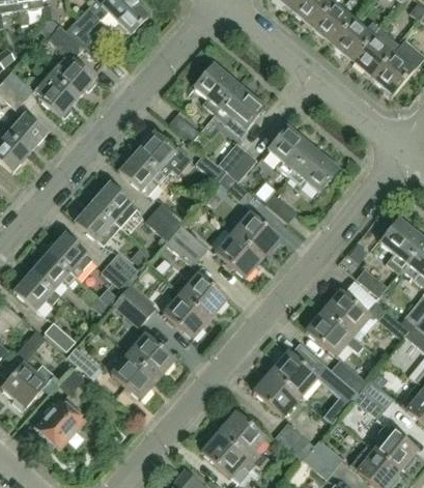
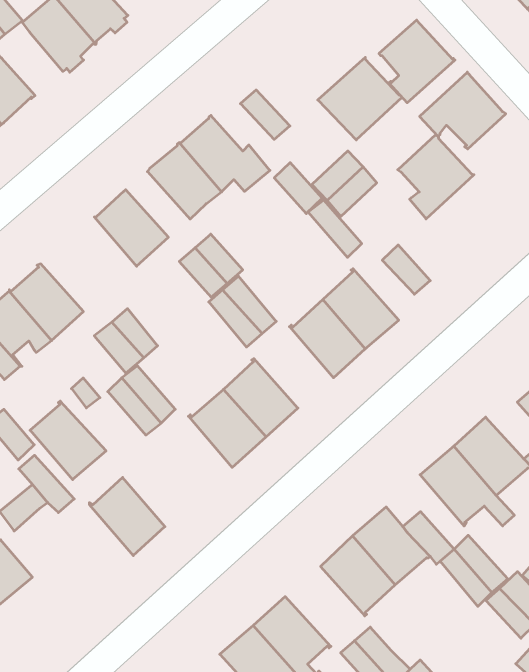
building: [194,64,239,114] -> [379,20,455,103]
building: [288,146,339,192] -> [420,72,506,149]
building: [75,201,120,240] -> none
building: [129,334,175,379] -> [30,401,106,480]

